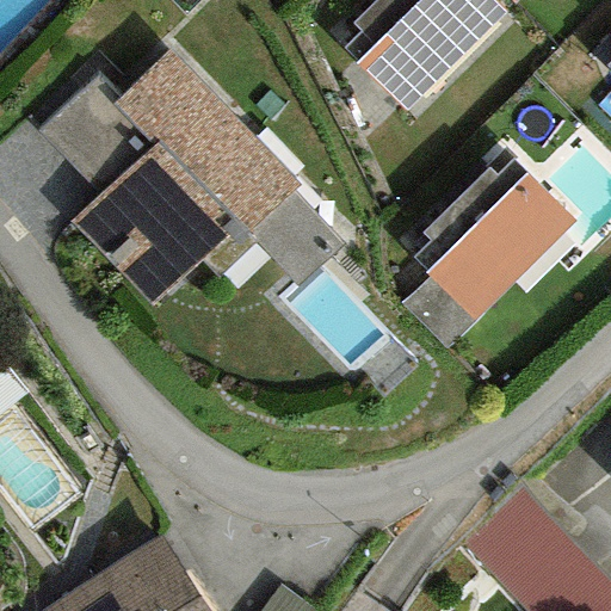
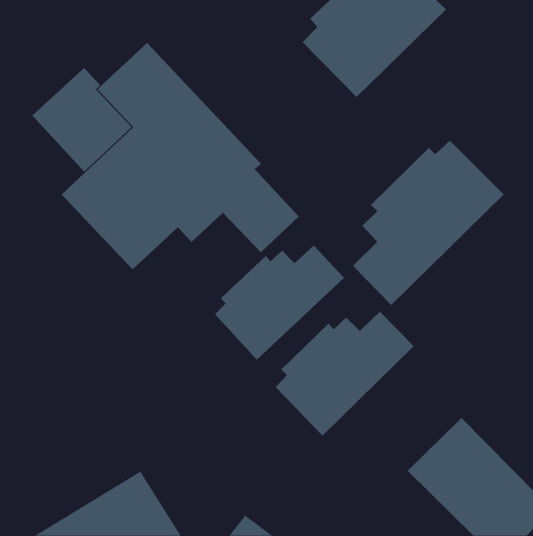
building: none -> [214,245,345,360]
building: none -> [275,311,415,436]

